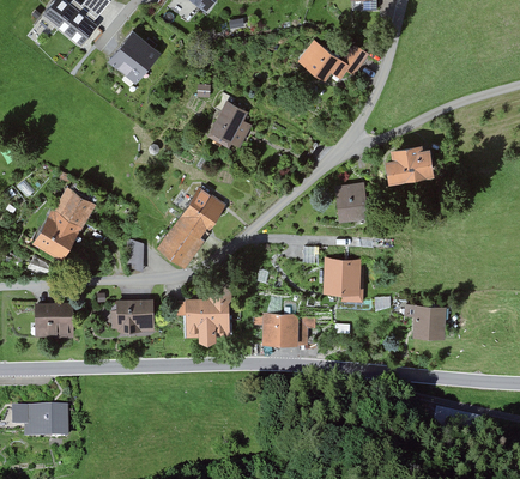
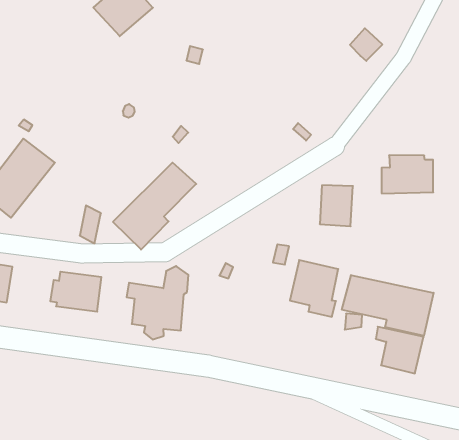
building: [297,40,350,80] -> none
building: [206,91,252,148] -> none
building: none -> [342,275,434,336]
building: [261,313,315,346] -> none

